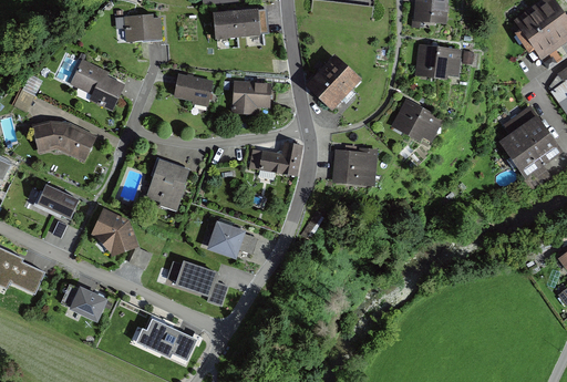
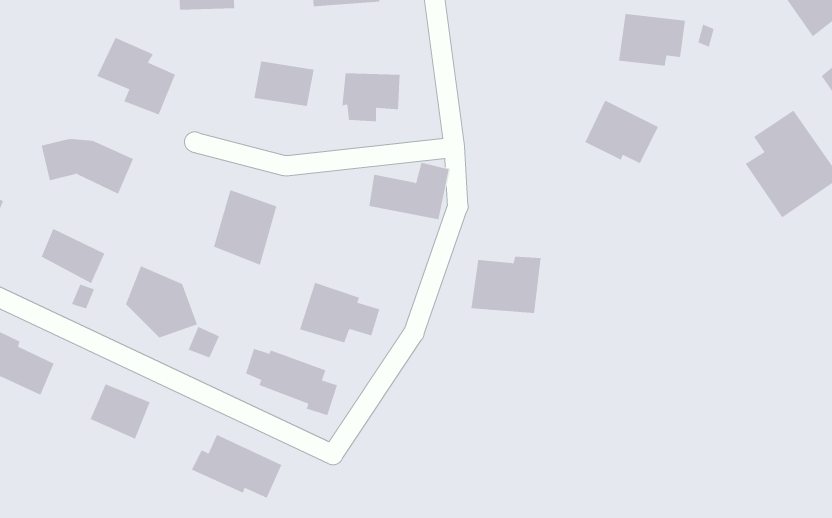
building: [303,53,360,110] -> none
building: [331,146,378,184] -> [471,256,542,314]

